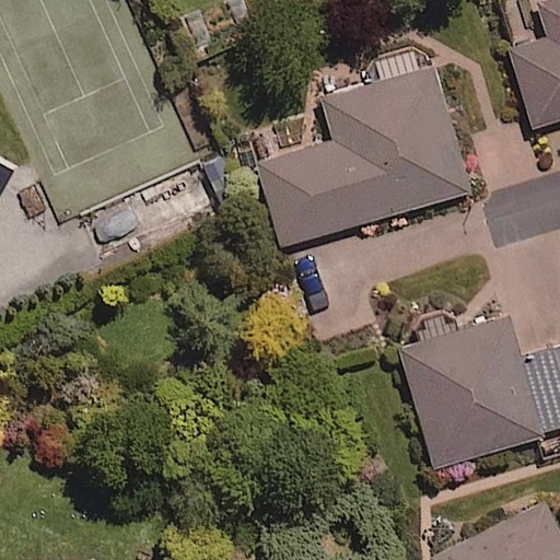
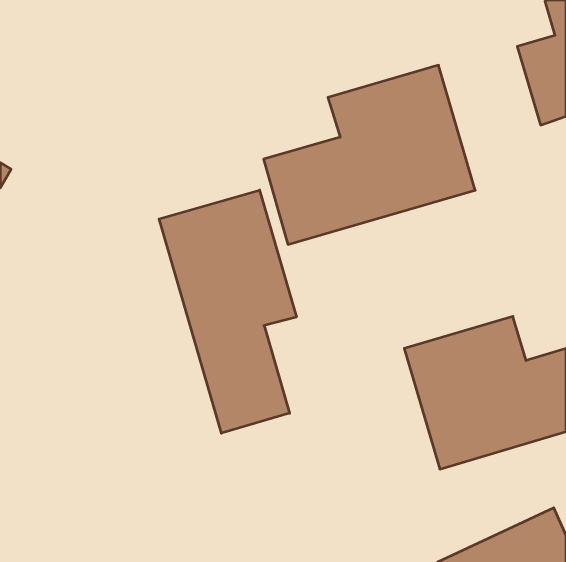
building: none -> [159,190,296,433]

